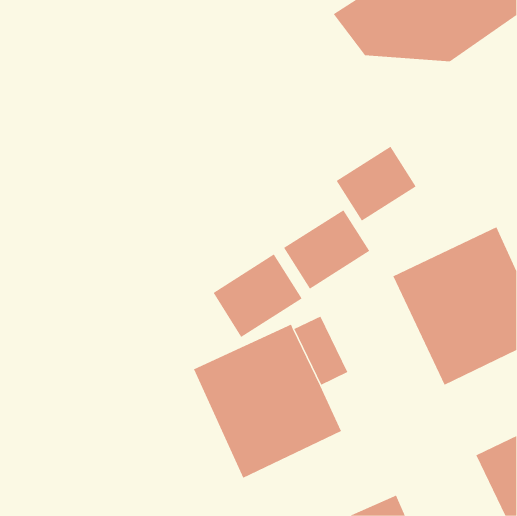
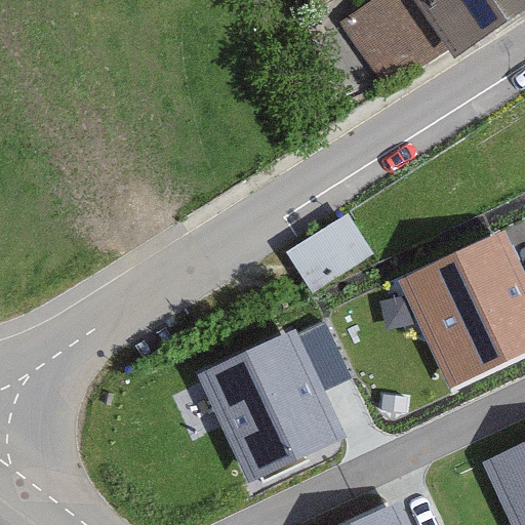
building: [336,146,417,221] -> none
building: [213,254,303,338] -> none

